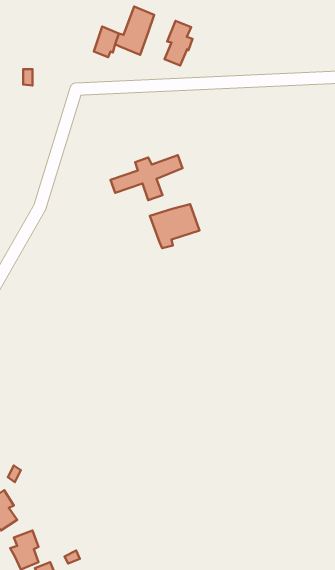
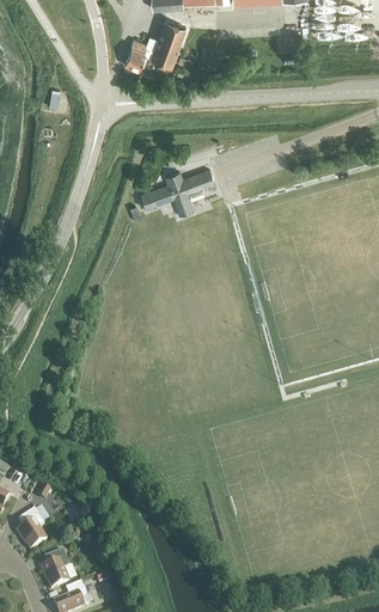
building: [164,21,193,65] -> none
building: [150,204,200,248] -> none

